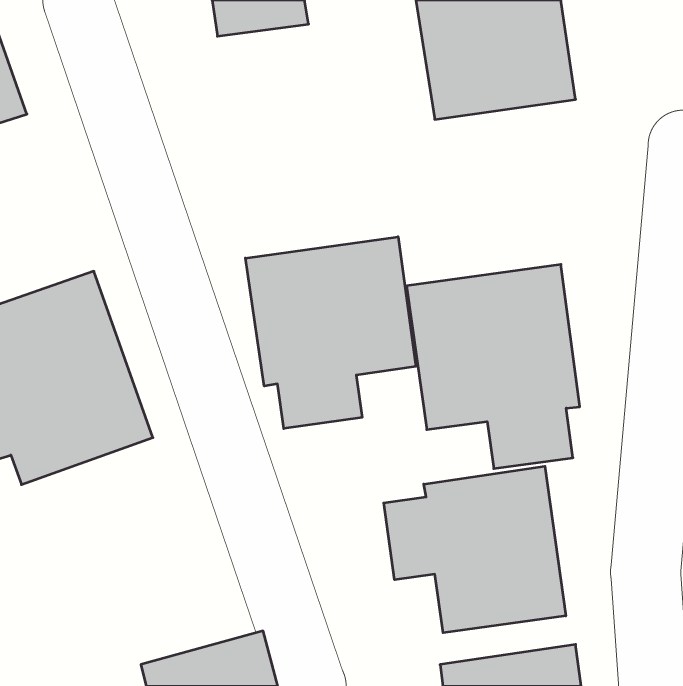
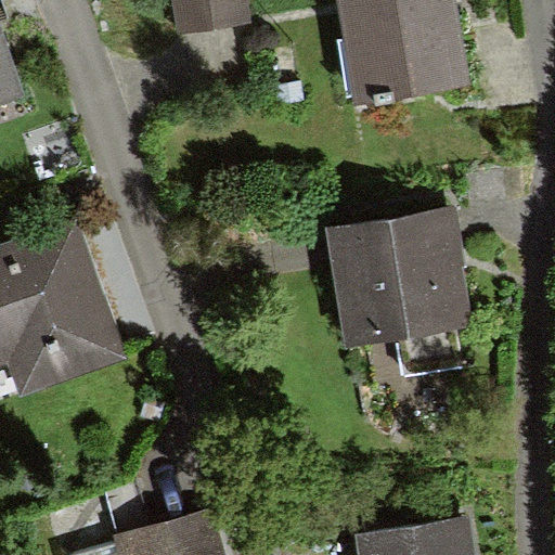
building: [245,237,416,429] -> none
building: [384,466,566,633] -> none

